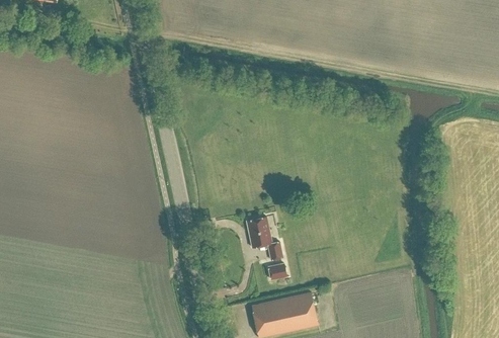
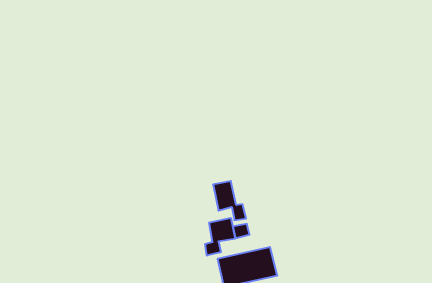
building: none -> [205,218,235,256]

